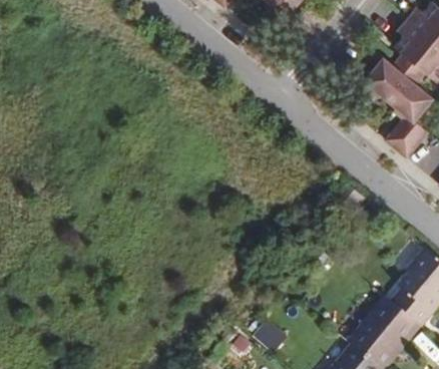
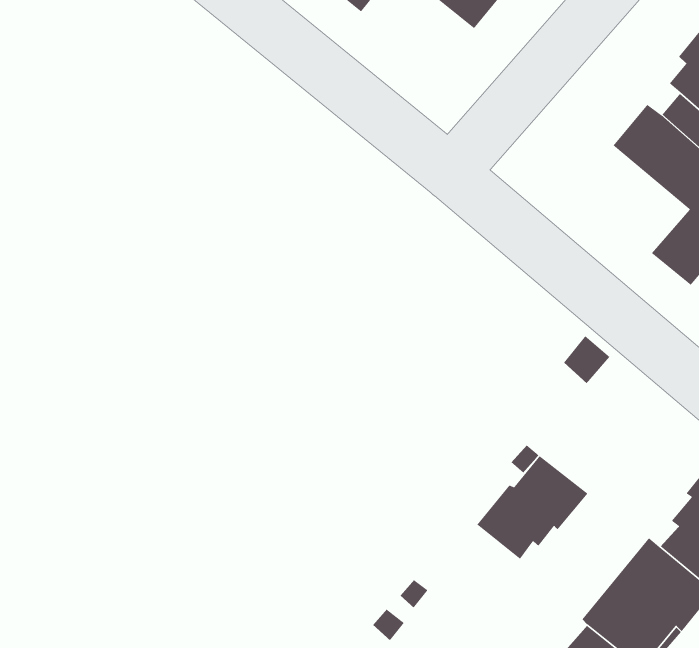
building: none -> [476,455,589,560]

